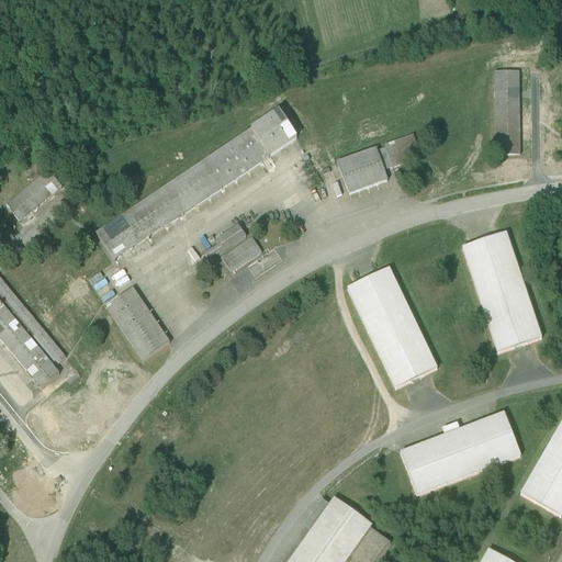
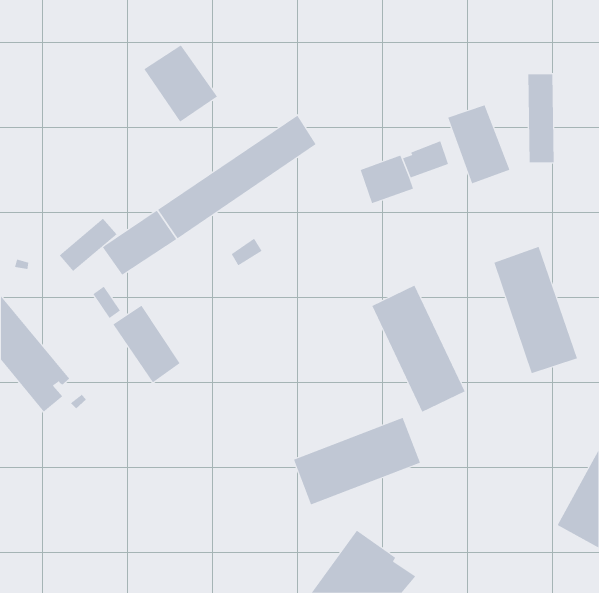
building: none -> [144,45,218,123]
building: none -> [448,104,510,184]
building: [7,169,61,220] -> [59,218,117,272]
building: [222,235,261,270] -> none
building: [401,411,520,493] -> [293,417,421,505]

